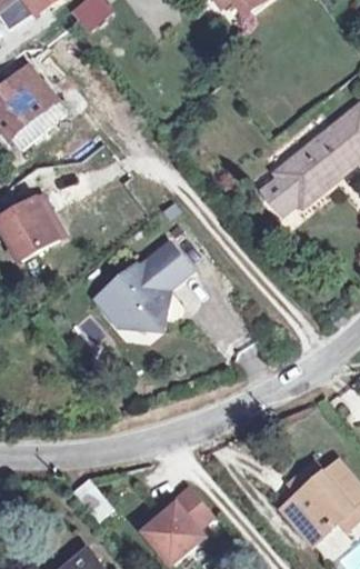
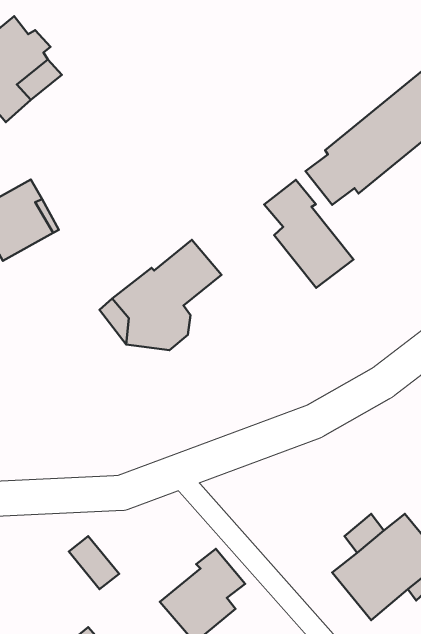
building: none -> [264,180,353,288]

